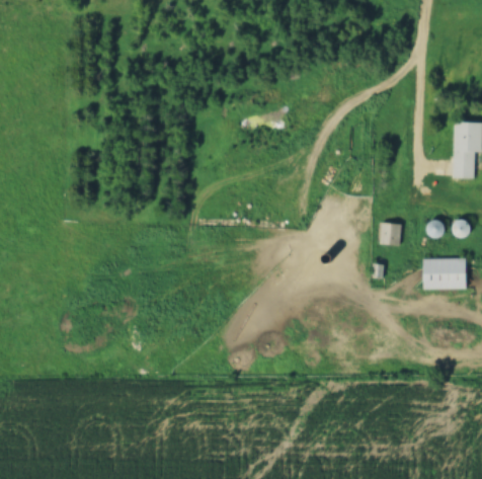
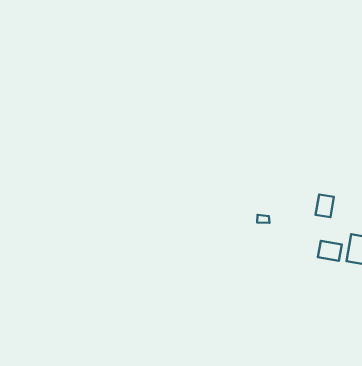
building: none -> [318,241,342,261]

